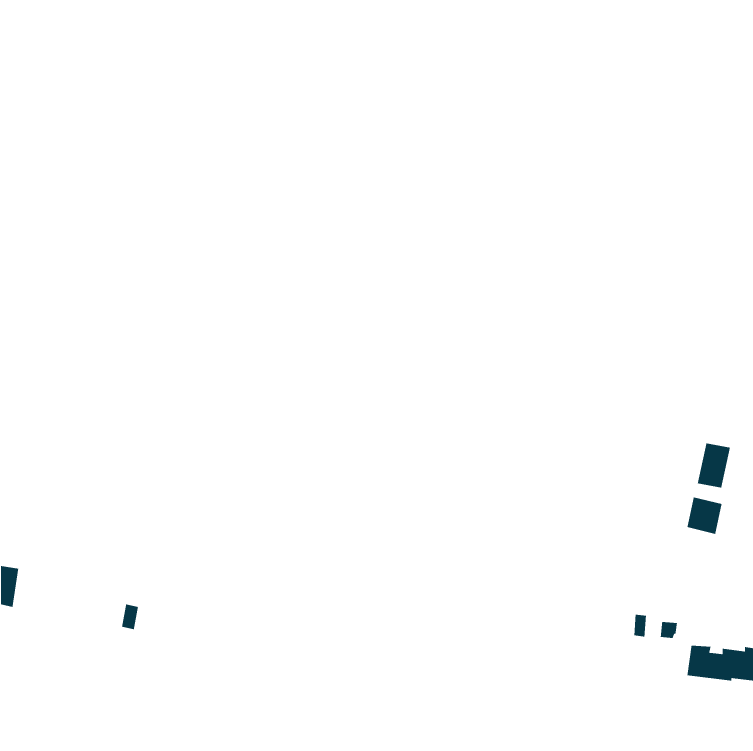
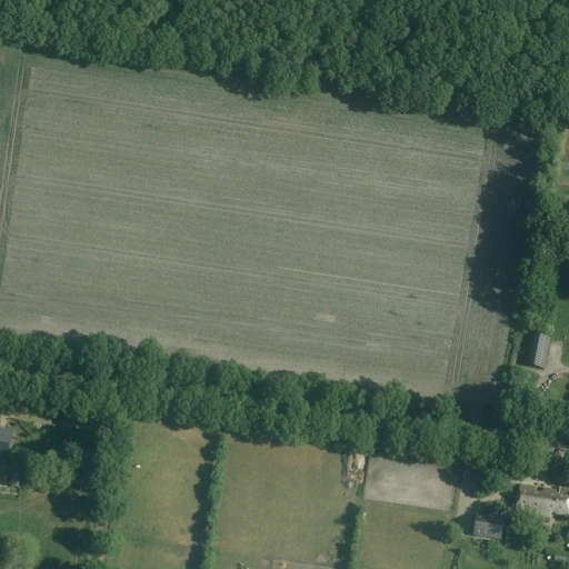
building: [686,496,723,535] -> none
building: none -> [473,512,505,539]

